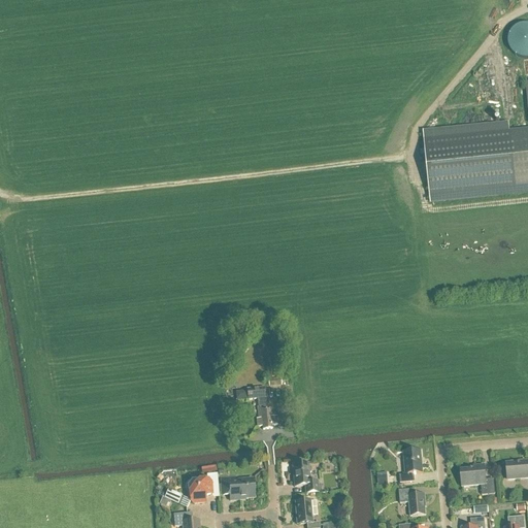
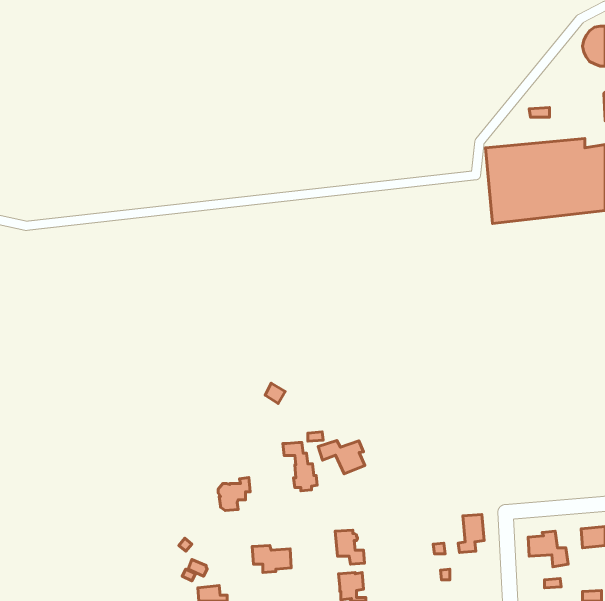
building: none -> [318,440,365,474]
building: [188,473,216,502] -> [218,478,250,511]
building: [398,487,425,515] -> none

